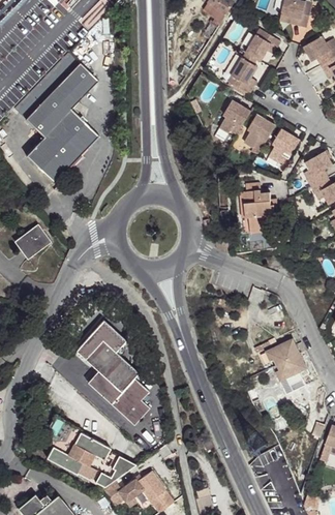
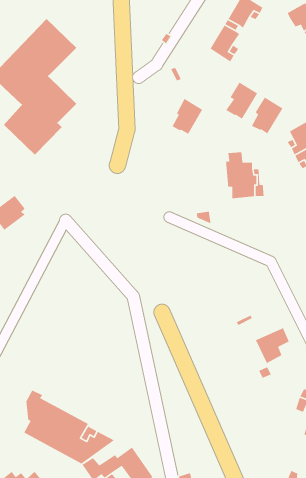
building: [219,99,250,135] -> [171,98,203,135]
building: [74,320,149,424] -> none
building: [265,338,300,366] -> none

